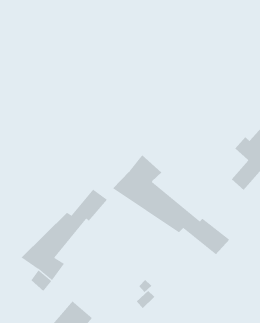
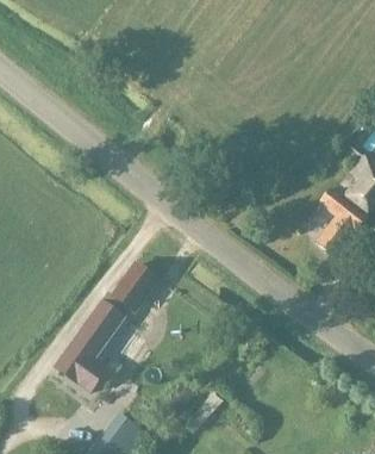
building: [112,154,230,255] -> none

